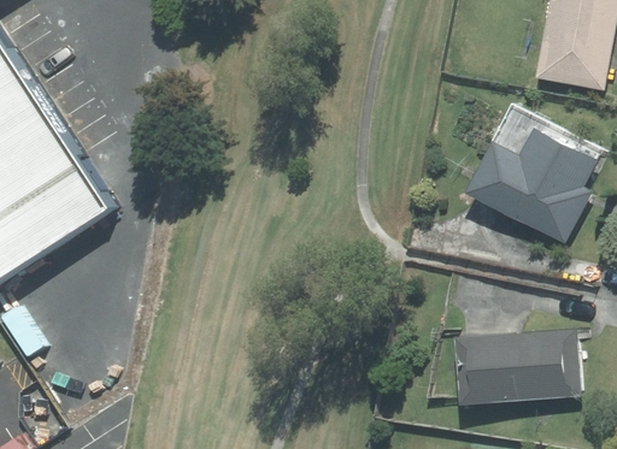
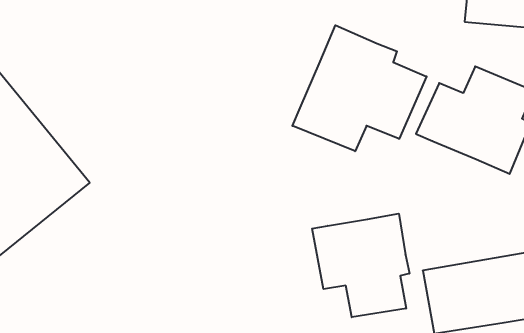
building: none -> [292,25,427,151]
building: none -> [312,214,409,317]

